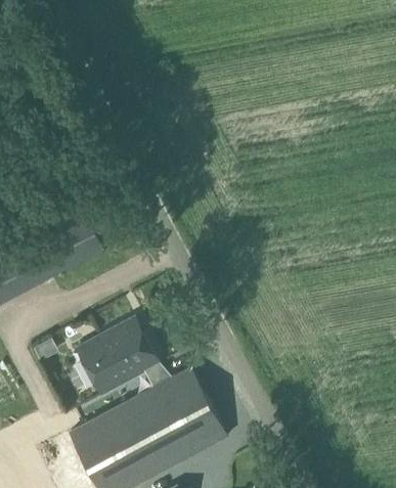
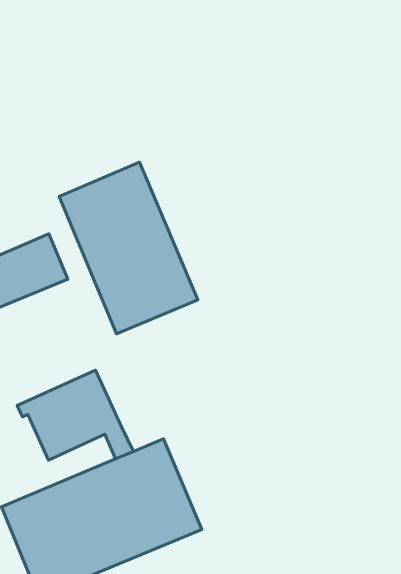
building: none -> [59,162,198,334]

